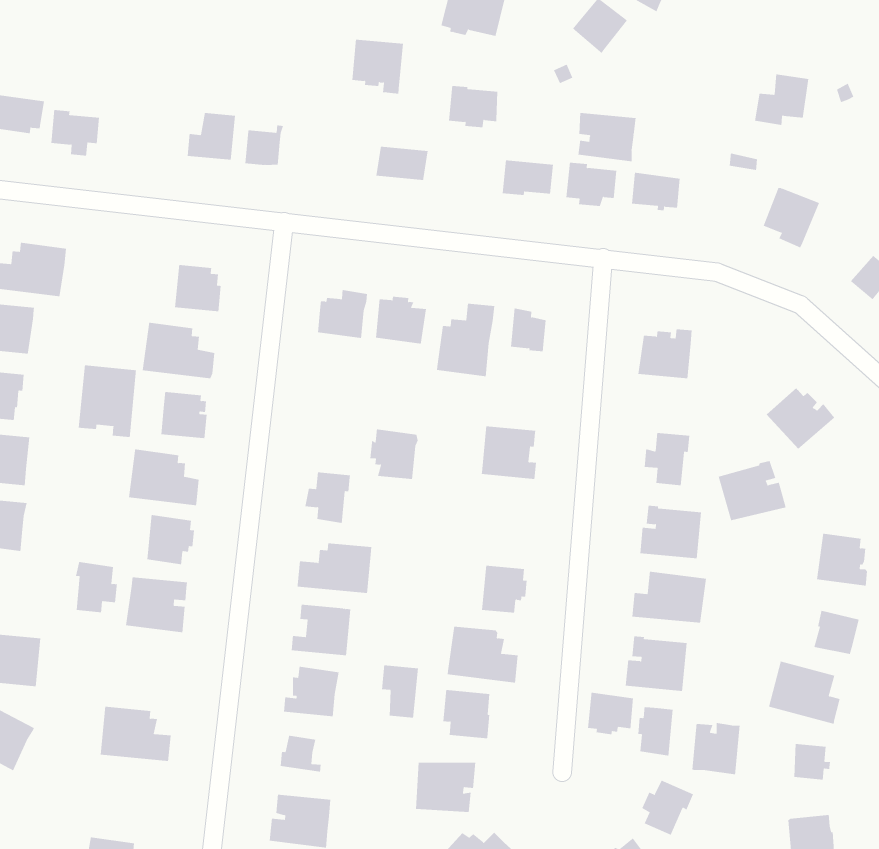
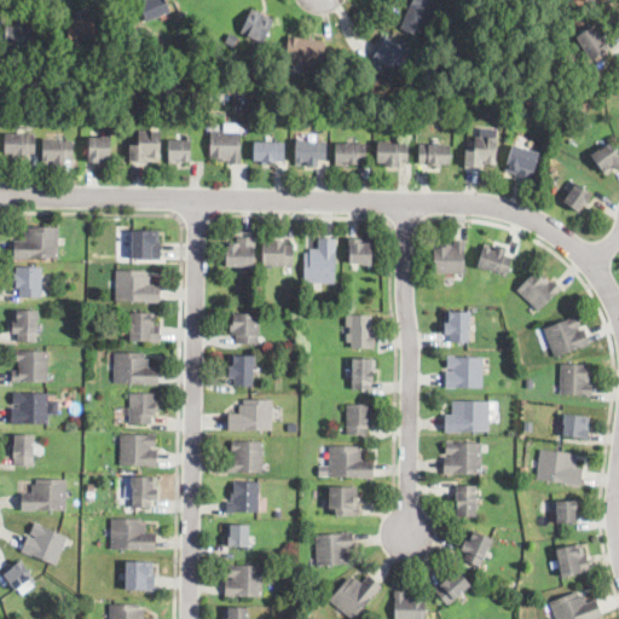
building: [351,39,404,94] -> [209,132,241,164]
building: [754,74,809,125] -> [463,137,496,169]
building: [448,85,498,128] -> [295,140,326,166]
building: [578,112,636,162] -> none
building: none -> [89,137,111,162]
building: none -> [478,247,513,274]
building: [78,365,137,438] -> none
building: [370,429,418,480] -> [230,313,260,343]
building: [718,461,787,521] -> [544,316,590,357]
building: none -> [352,359,376,389]
building: [75,561,118,613] -> [131,476,158,508]
building: [382,665,418,718] -> none
building: [588,692,633,735] -> none
building: [692,722,740,775] -> none
building: none -> [126,562,155,590]

